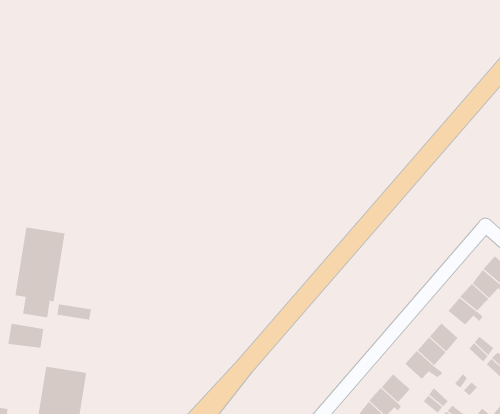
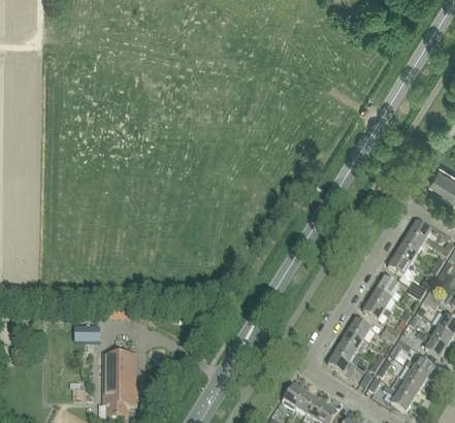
building: [15,227,65,318] -> none

